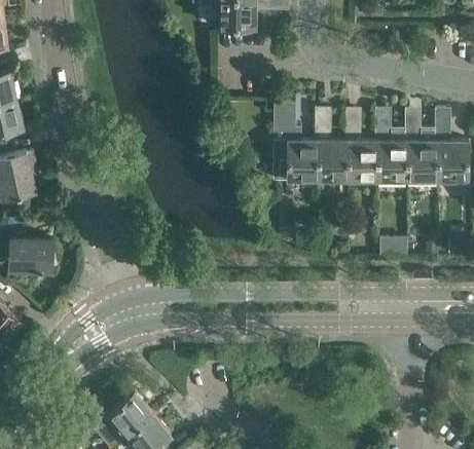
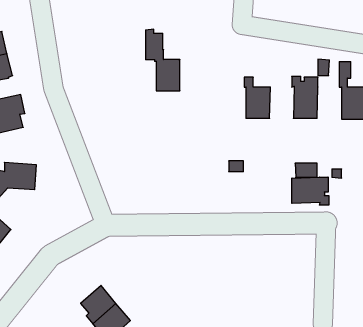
building: [274,104,317,181] -> [146,29,180,91]
building: [344,129,377,181] -> none
building: [406,129,437,182] -> none
building: none -> [292,177,329,205]

